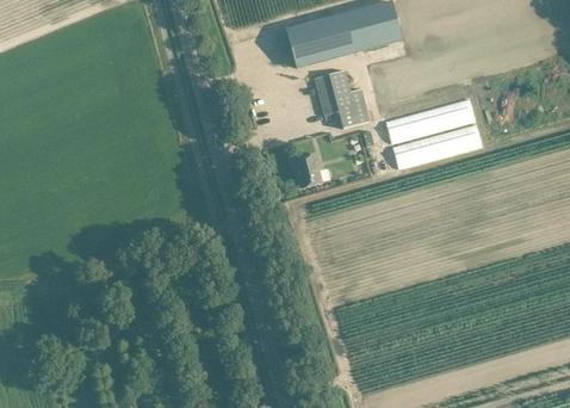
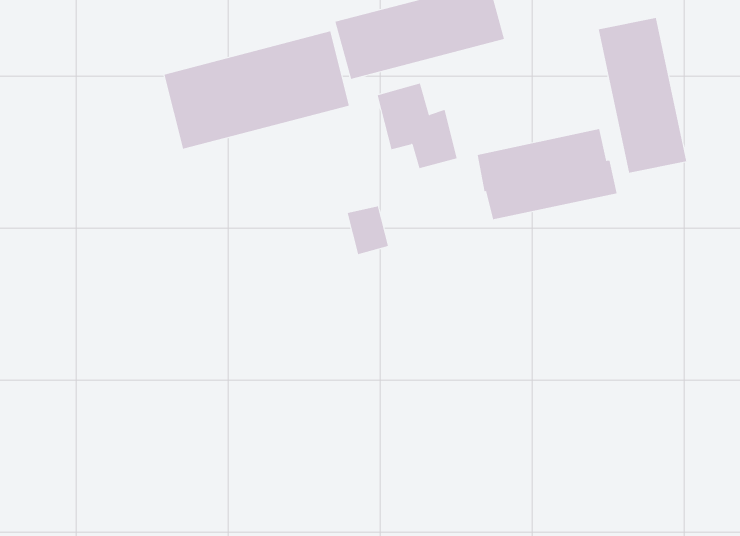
building: none -> [598,17,687,173]
building: none -> [164,31,349,150]

